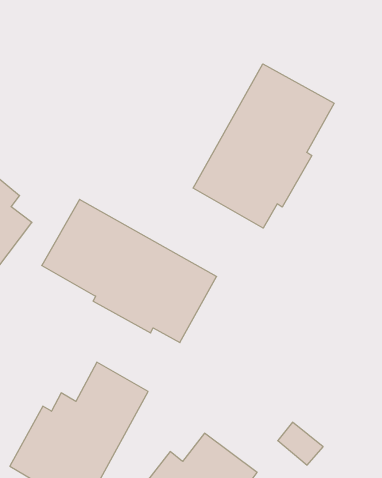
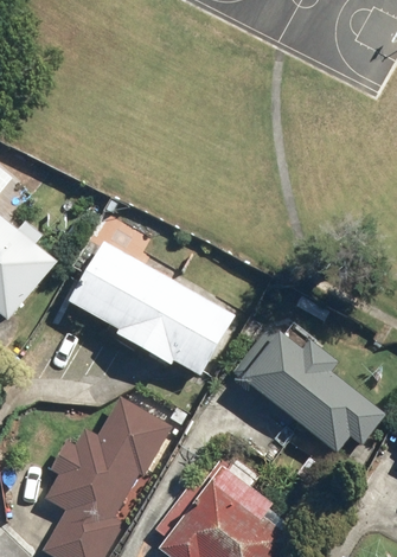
building: [193,64,334,228] -> none
building: none -> [231,328,388,454]

